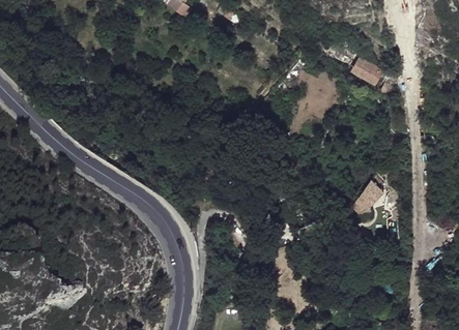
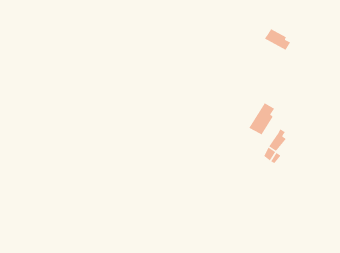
building: none -> [248,102,275,135]

